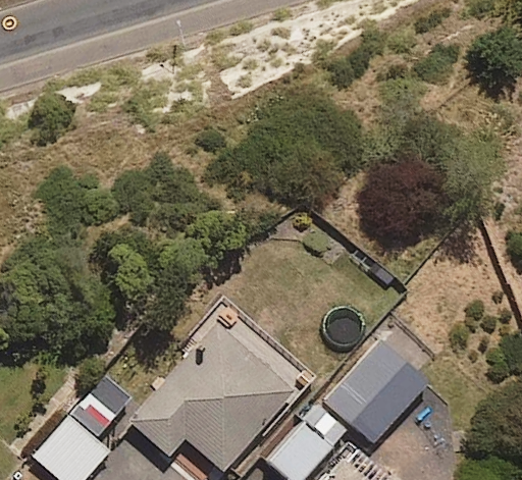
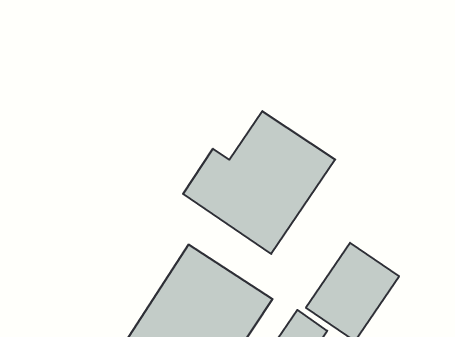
building: none -> [183,111,335,254]

